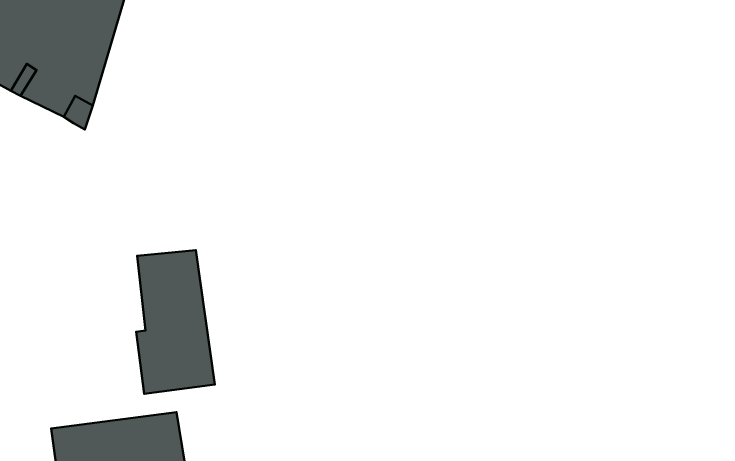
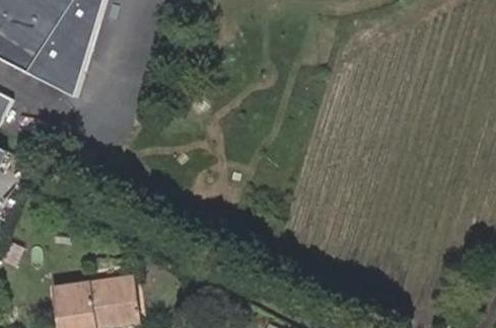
building: [136,250,215,394] -> none

